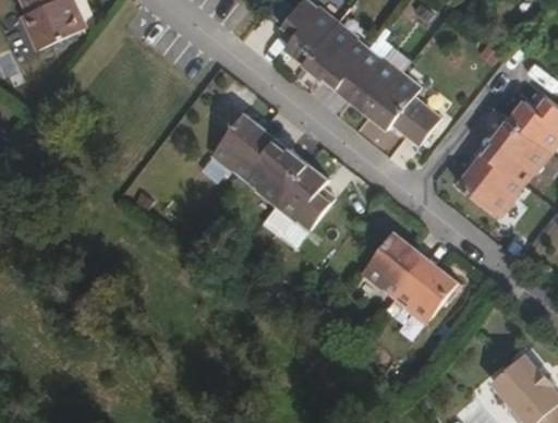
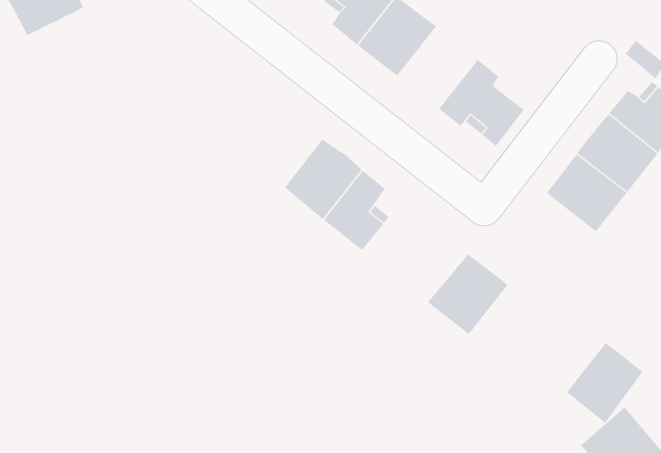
building: [338,49,402,116] -> none
building: [214,113,277,179] -> none
building: [396,257,458,323] -> [566,342,643,423]

